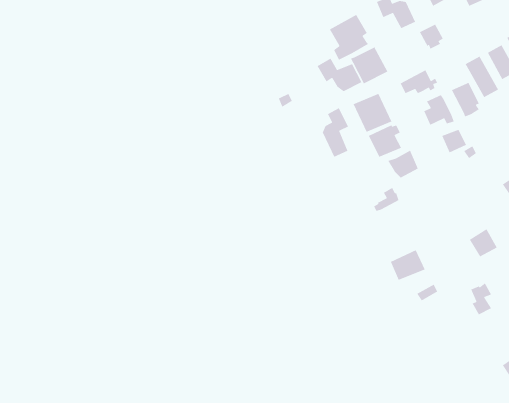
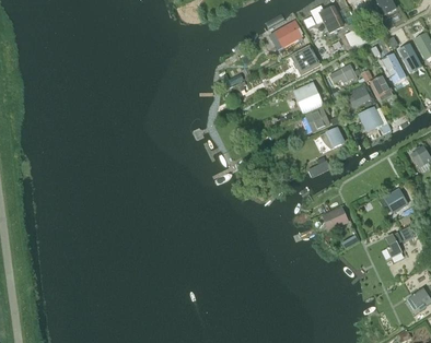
building: [317,57,362,92] -> none
building: [322,107,349,158] -> none

